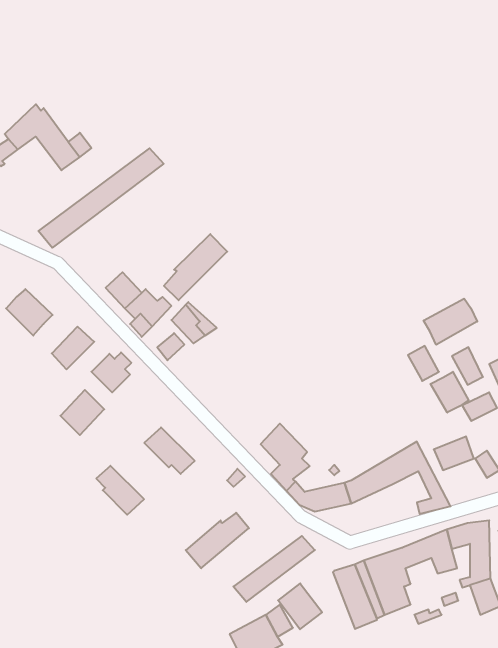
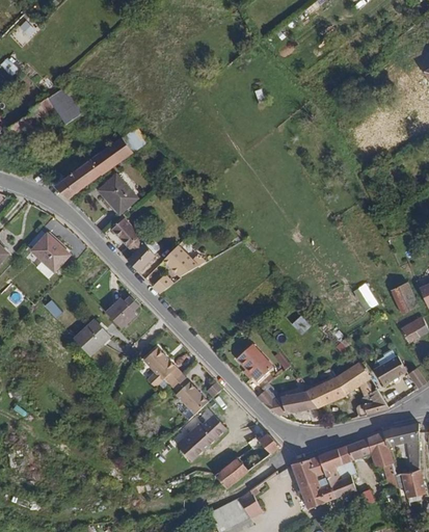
building: none -> [100,174,139,214]
building: [164,234,227,300] -> none
building: [424,299,477,345] -> none
building: [52,327,94,369] -> none
building: [430,372,469,413] -> none
building: [96,466,144,515] -> [171,374,210,414]
building: [278,583,322,629] -> none

